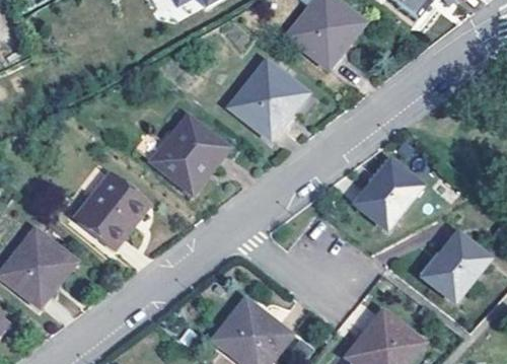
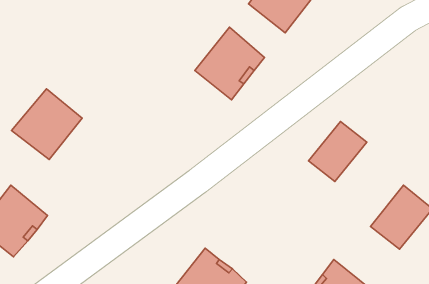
building: [151,119,226,195] -> none
building: [71,174,147,250] -> [12,89,82,160]

